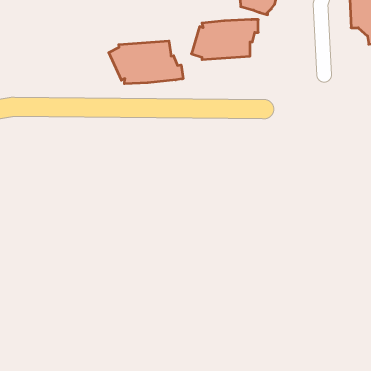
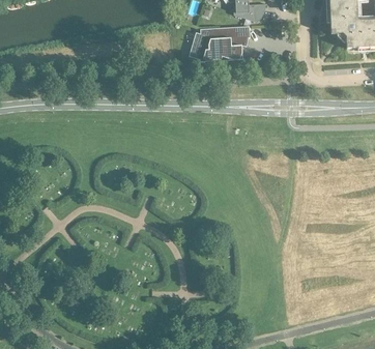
building: [109,41,183,84] -> none

